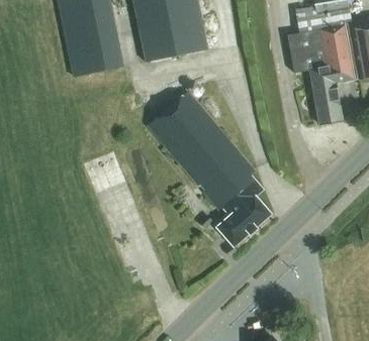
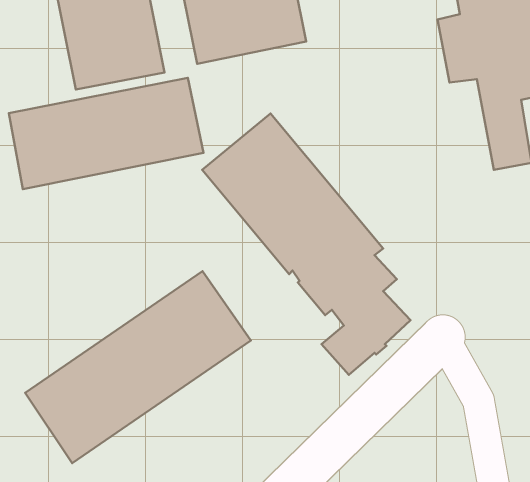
building: none -> [9,78,203,189]
building: none -> [25,271,251,463]

